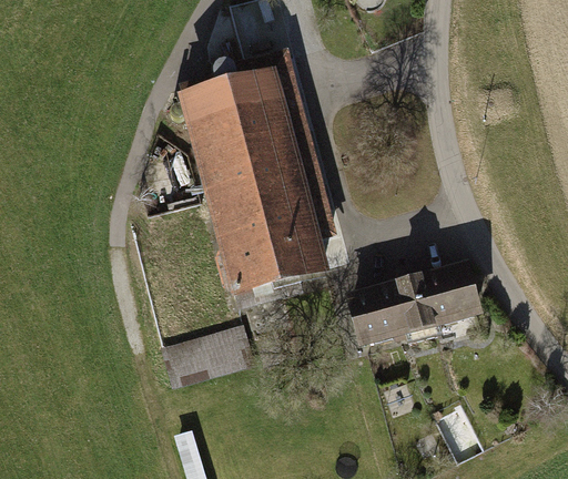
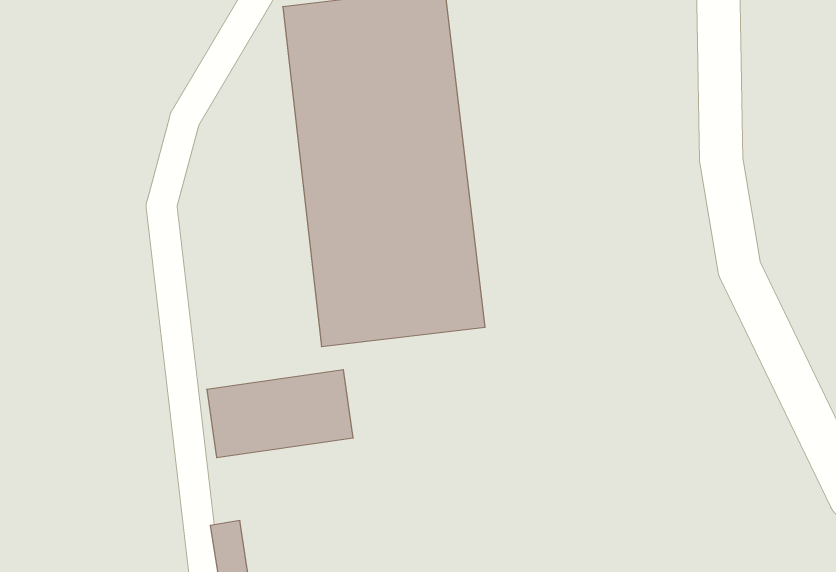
building: [343,257,484,346] -> none

